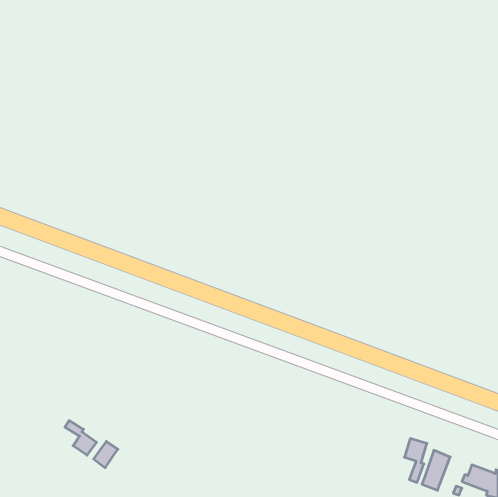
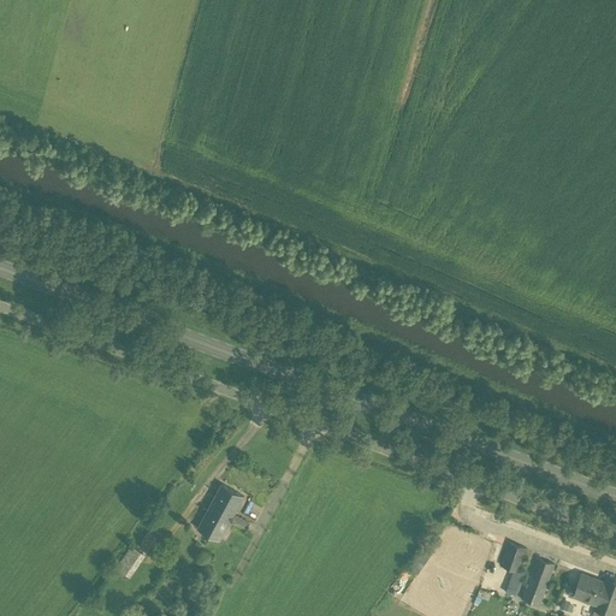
building: none -> [197,485,249,540]
building: [65,421,96,455] -> none

